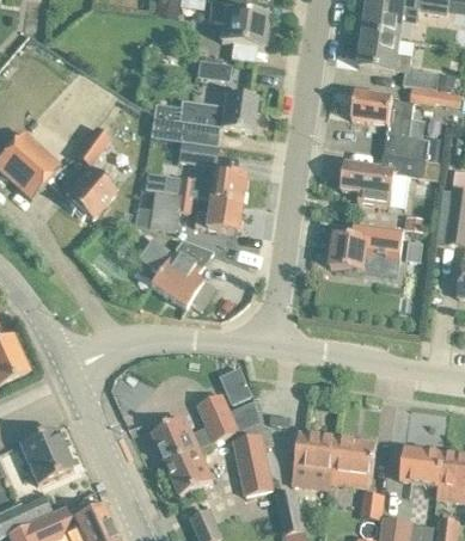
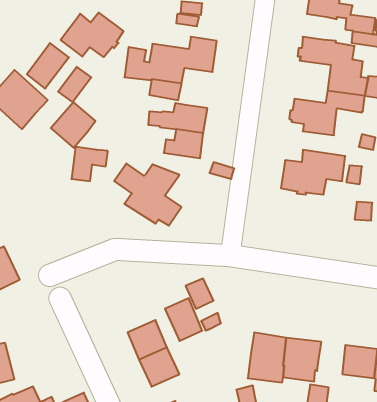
building: none -> [61,13,123,57]
building: none -> [27,43,69,89]
building: [148,189,190,228] -> [71,147,108,181]
building: [19,425,72,481] -> none
building: [233,432,275,494] -> none

